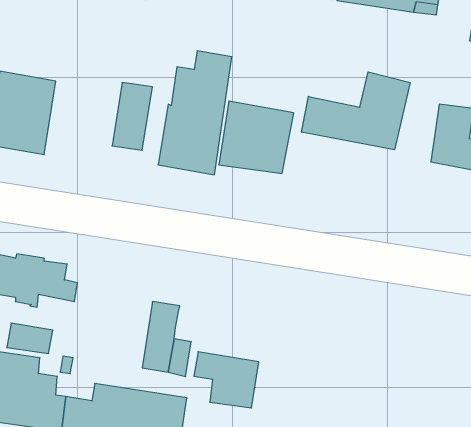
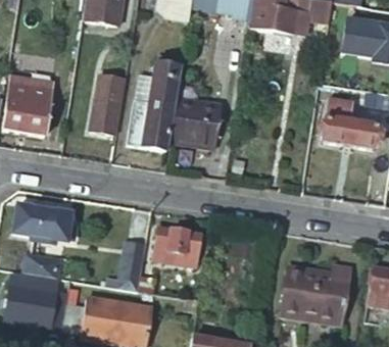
building: [302,72,410,150] -> none
building: none -> [276,265,344,324]
building: [194,352,259,408] -> [157,227,203,266]

